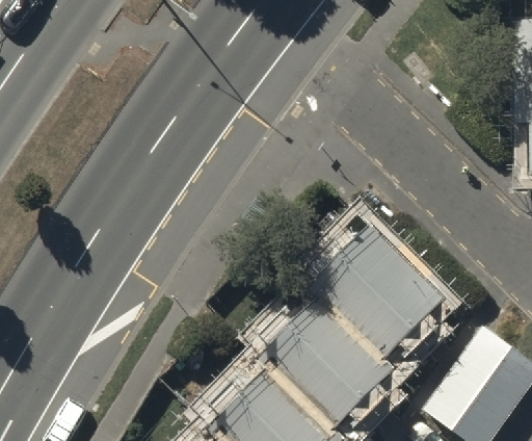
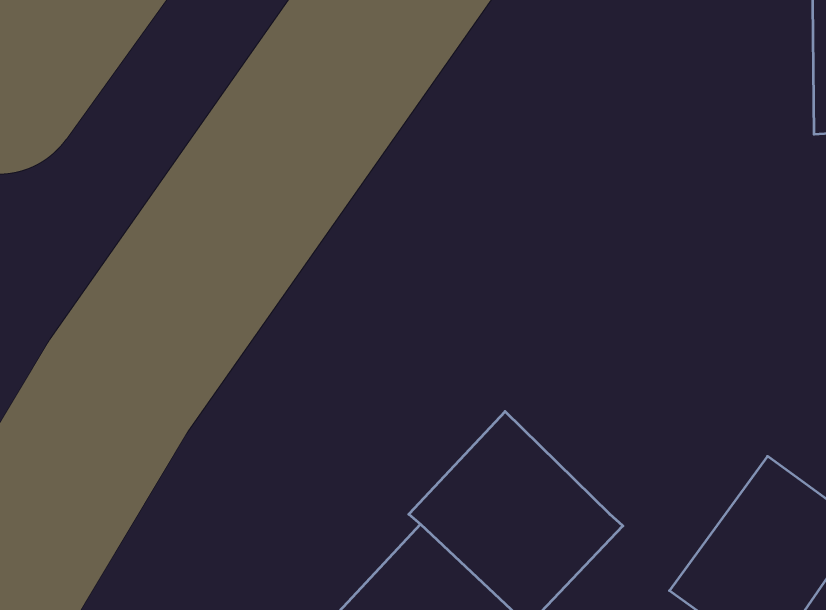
building: [310,224,448,361] -> none

